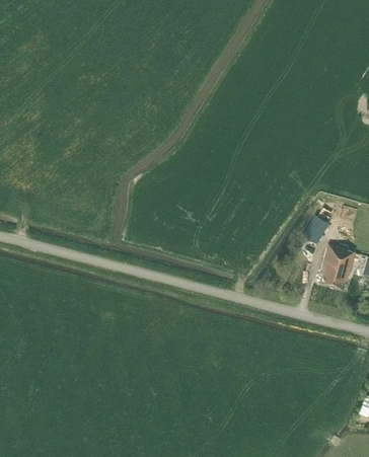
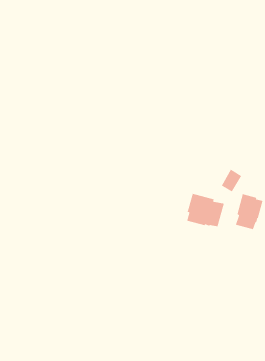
building: none -> [186,193,225,227]

